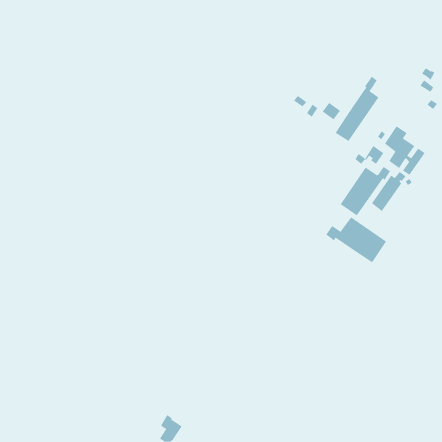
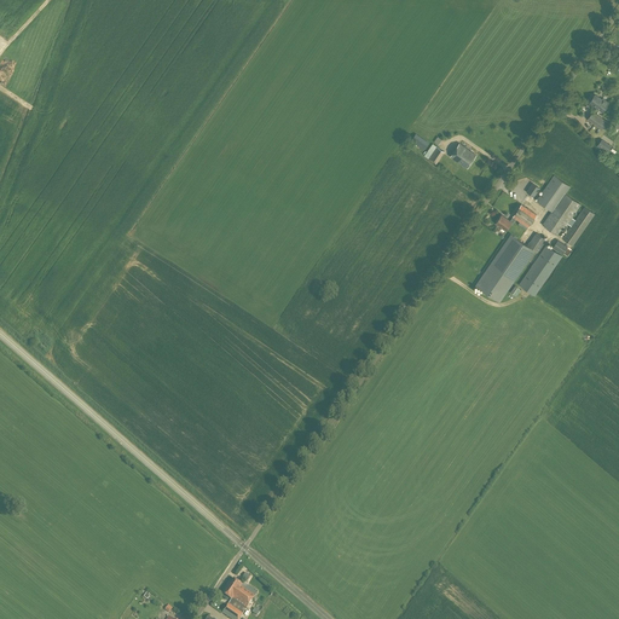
building: [335,76,379,142] -> none
building: [325,216,387,263] -> none

